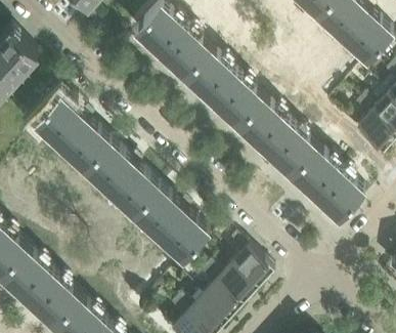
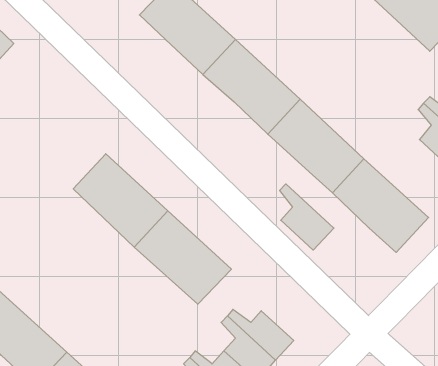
building: [34,98,108,172] -> none
building: [230,240,273,292] -> [280,184,334,250]

